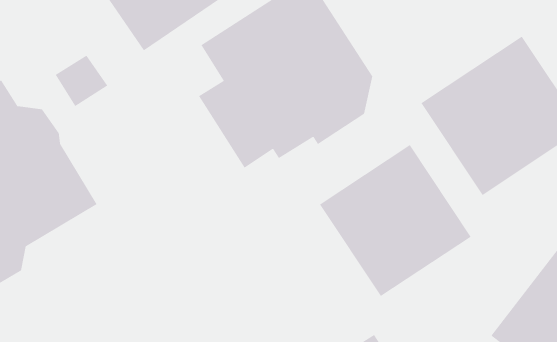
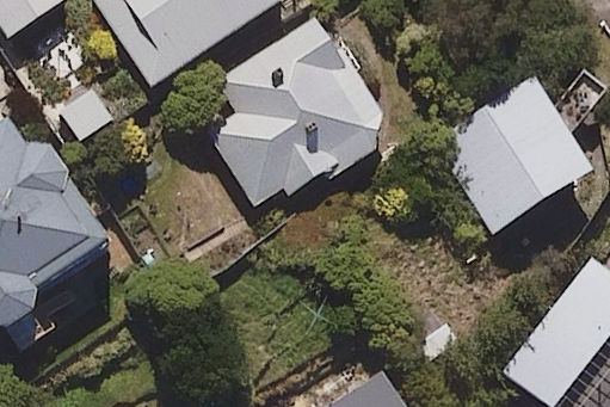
building: [319,144,471,297] -> none

